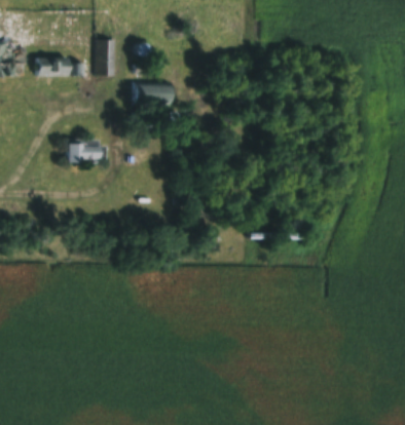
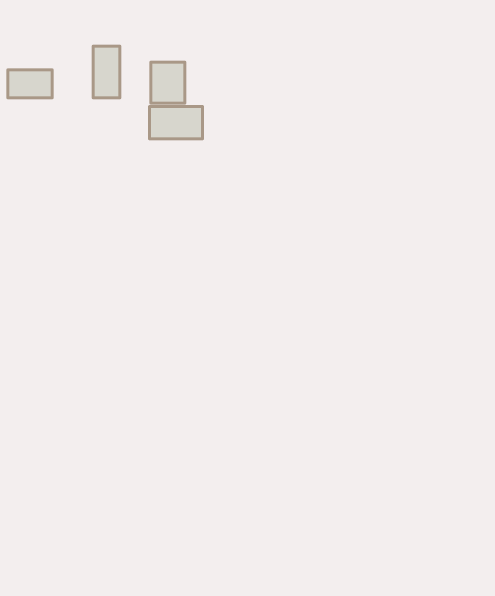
building: none -> [151,62,185,103]
building: [66,141,105,161] -> none

